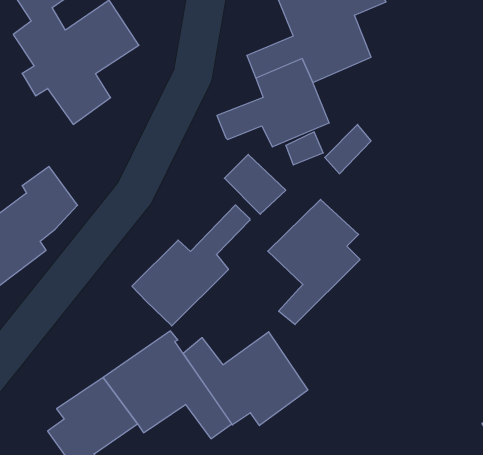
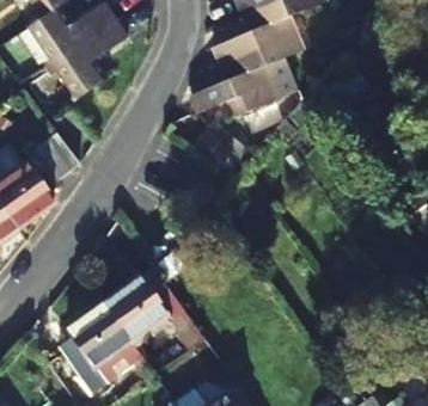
building: [268,199,360,325] -> none
building: [132,205,250,326] -> none
building: [183,332,308,426] -> none

